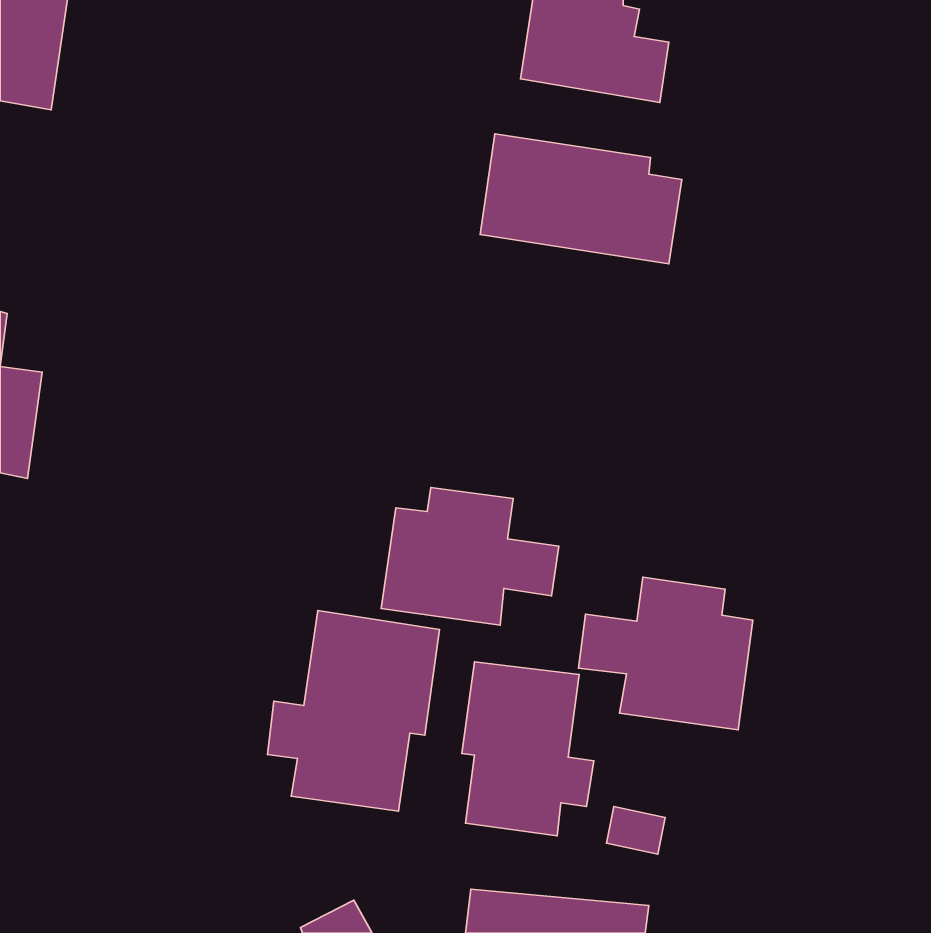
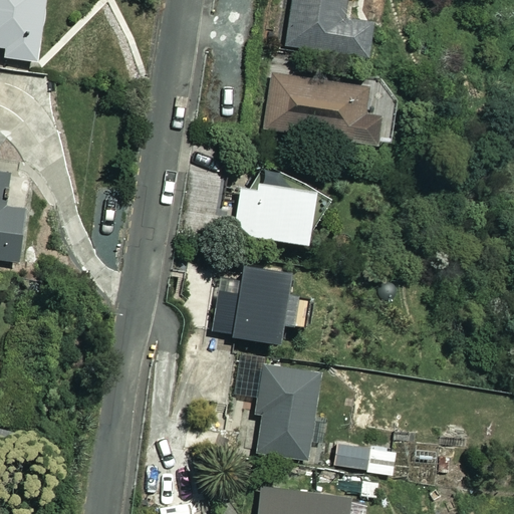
building: none -> [230,181,307,244]
building: [579,577,753,730] -> none
building: [268,610,439,811] -> none

